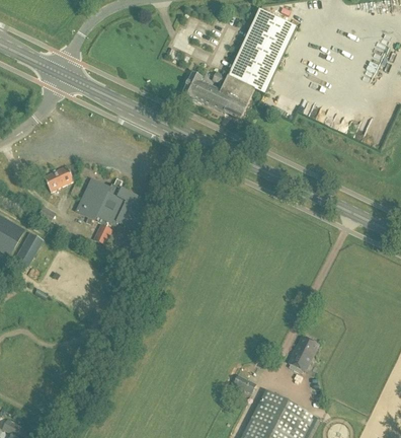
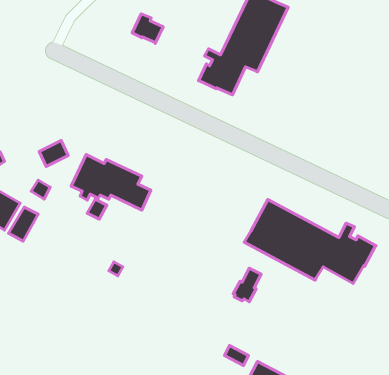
building: [181,73,213,103] -> [132,14,163,44]
building: none -> [244,199,376,284]
building: [287,337,315,371] -> [233,268,261,302]

